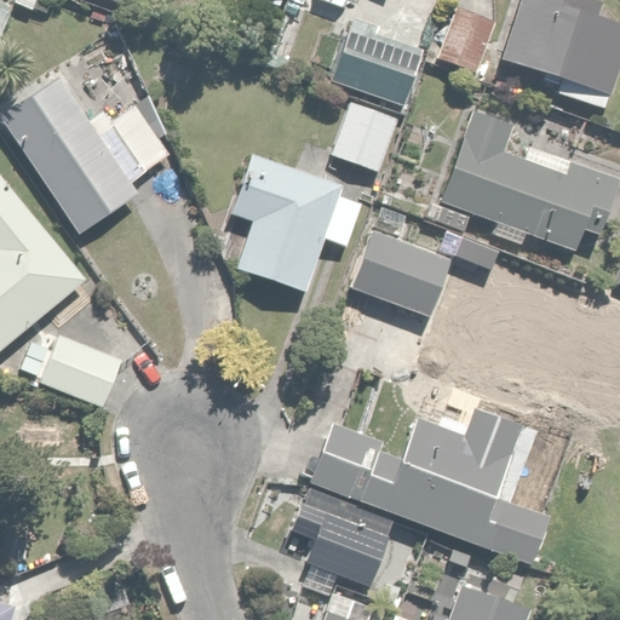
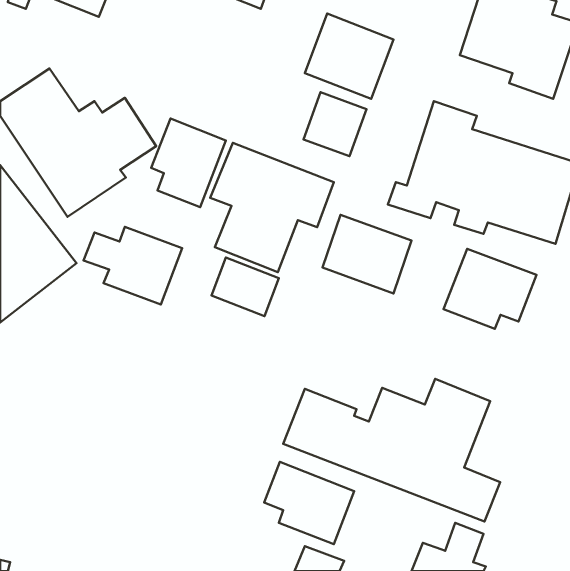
building: [440,8,500,69] -> none
building: none -> [151,119,226,207]
building: none -> [444,249,536,329]
building: none -> [211,257,279,316]
building: [17,331,124,414] -> [83,227,182,304]

